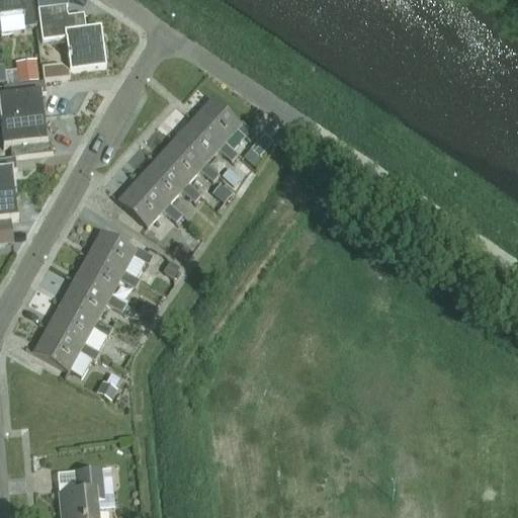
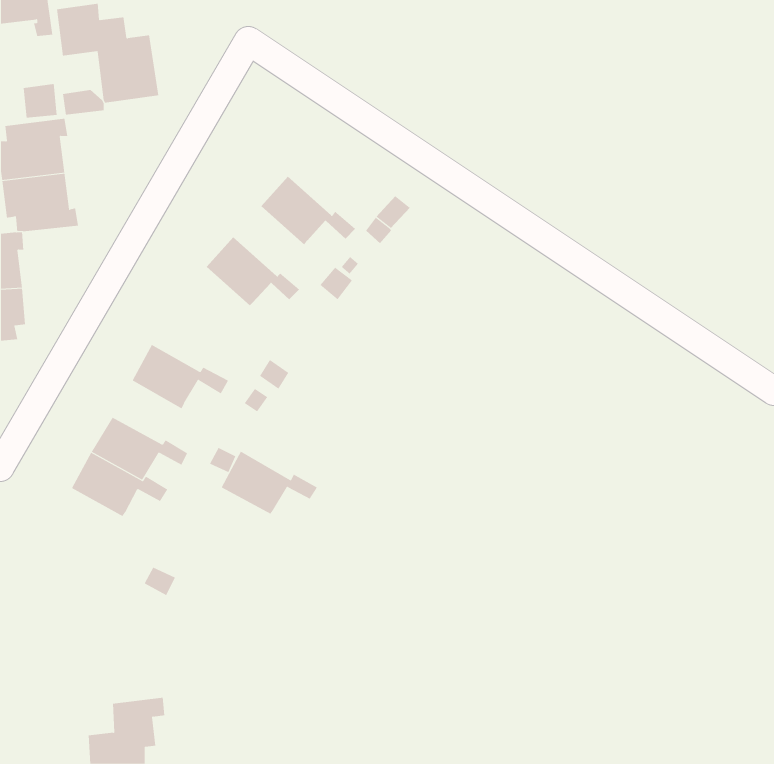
building: [192,97,256,144] -> none
building: [156,138,220,184] -> none
building: [117,178,182,227] -> none
building: [75,254,140,296] -> [221,451,318,515]
building: [33,326,99,370] -> none

